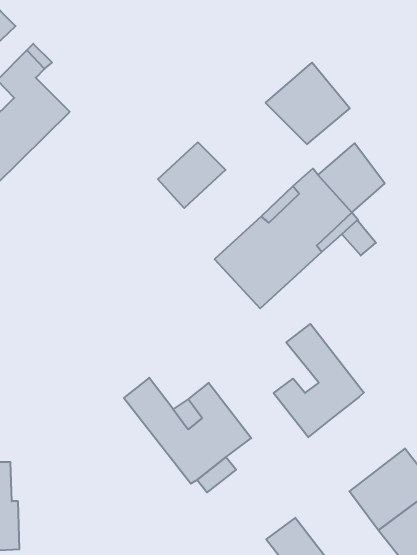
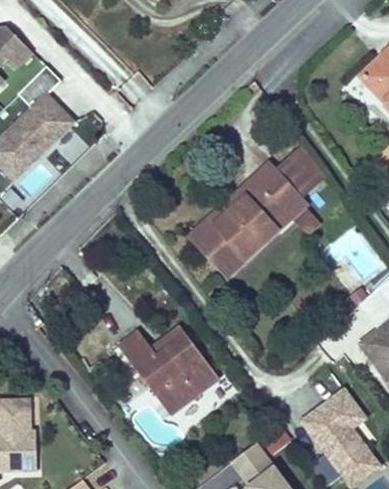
building: [266,63,350,144] -> none
building: [158,142,226,208] -> none
building: [274,324,364,437] -> none

